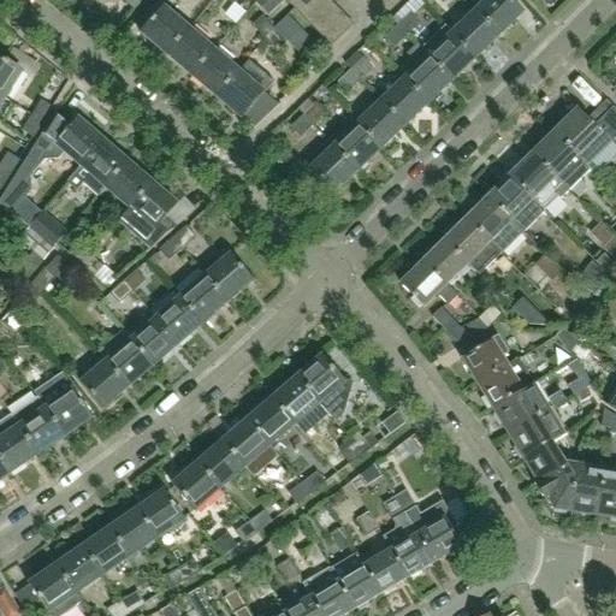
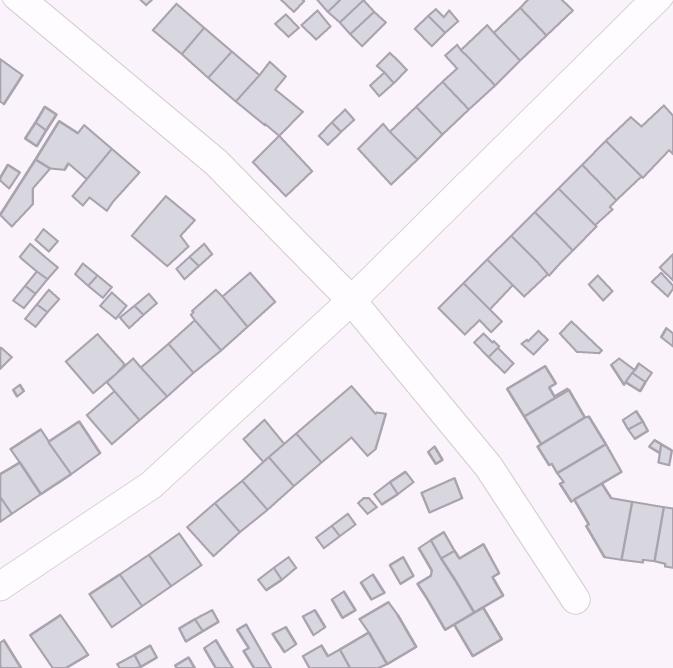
building: [303,136,357,191] -> [253,136,312,196]
building: [103,158,152,206] -> none
building: none -> [66,334,125,393]
building: none -> [243,420,284,462]
building: [55,543,102,591] -> none
building: [363,546,407,591] -> [454,607,502,656]

